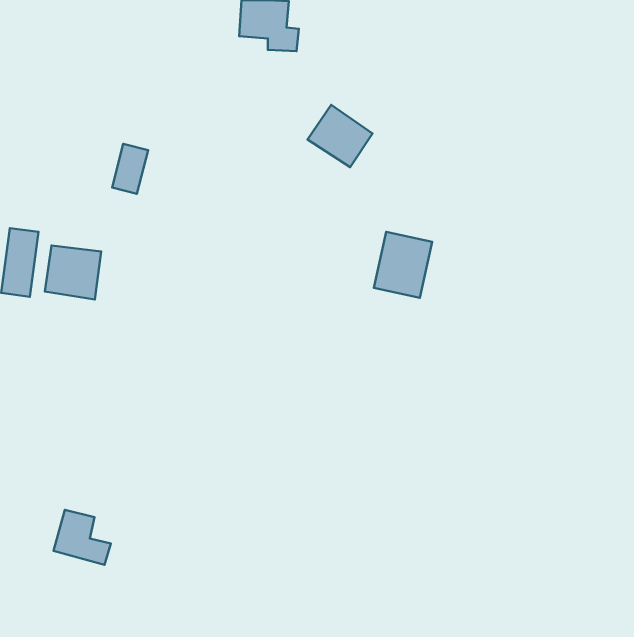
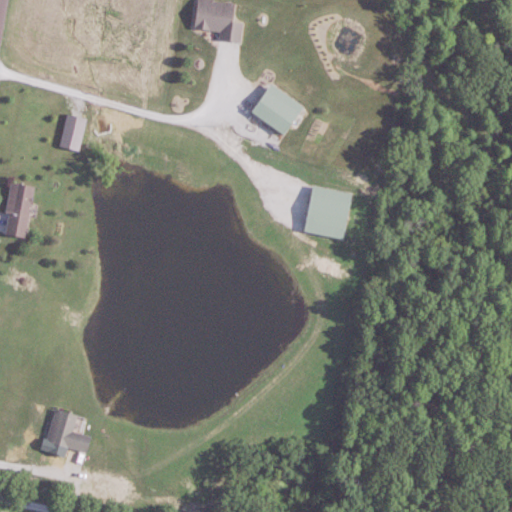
building: [112,144,148,194] -> [58,112,87,152]
building: [45,245,101,300] -> none

